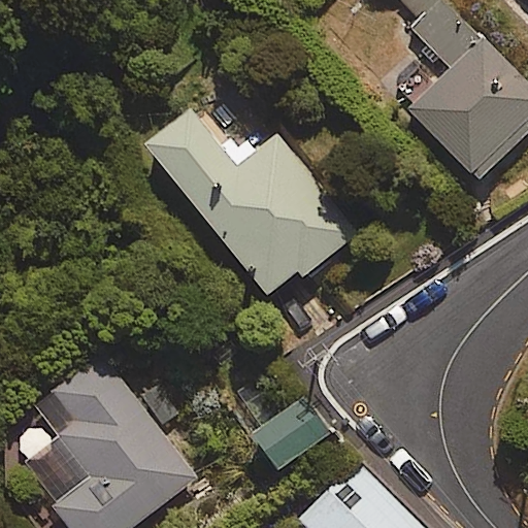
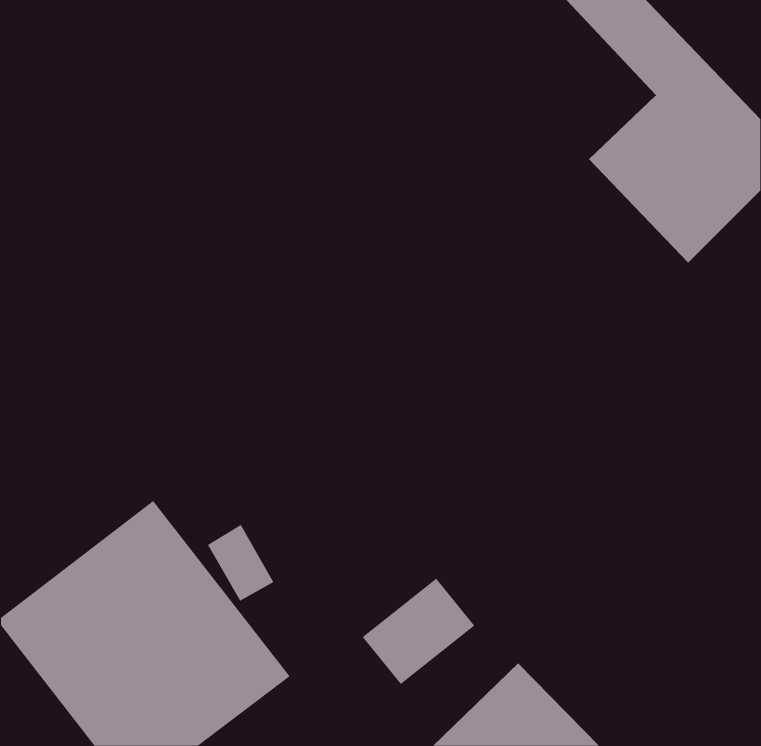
building: [144,113,358,303] -> none

